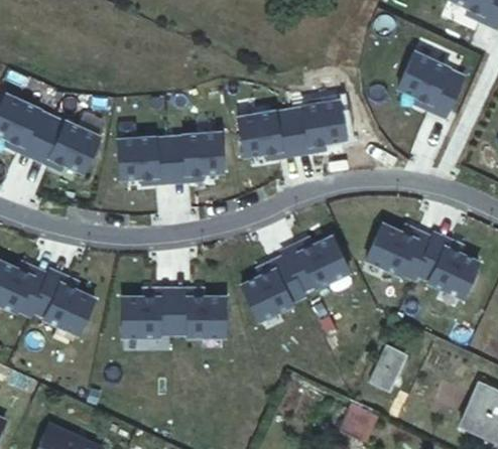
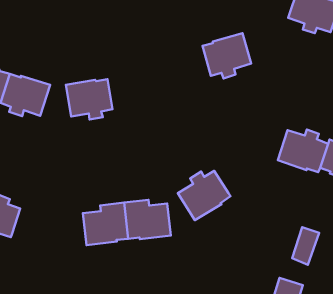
building: [239,111,296,160] -> none
building: [170,132,224,181] -> none
building: [285,237,348,293] -> none
building: [33,277,95,334] -> none

